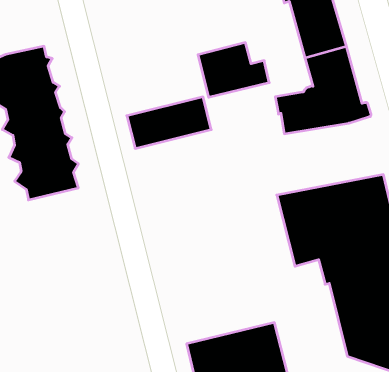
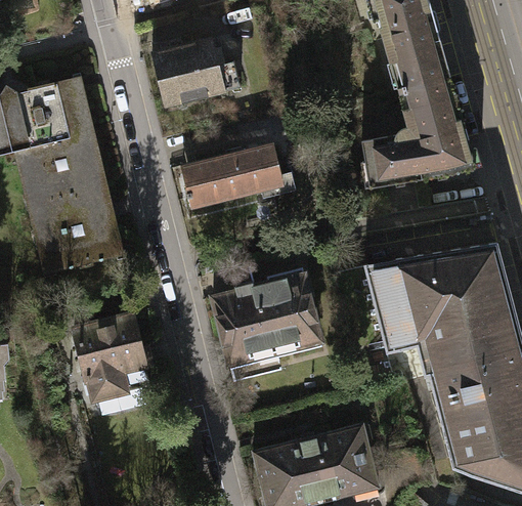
building: [198,43,269,97] -> [148,39,237,108]
building: none -> [212,275,318,371]
building: none -> [76,317,155,404]

